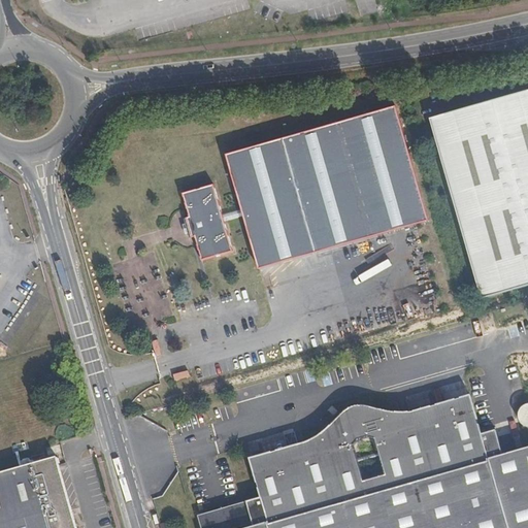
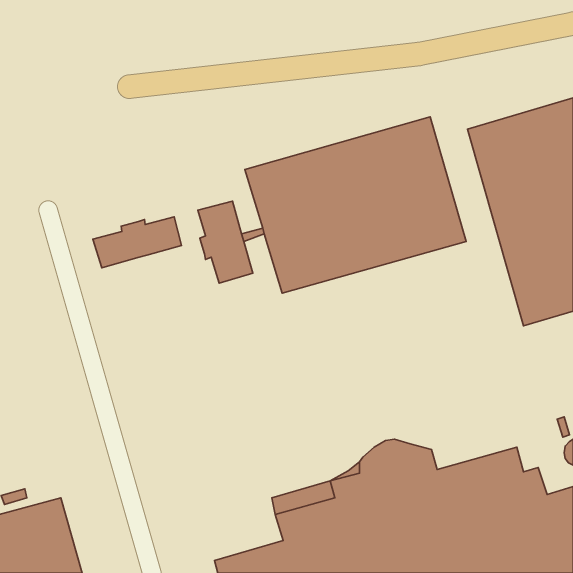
building: none -> [93,217,182,268]
building: [396,394,474,431] -> none

